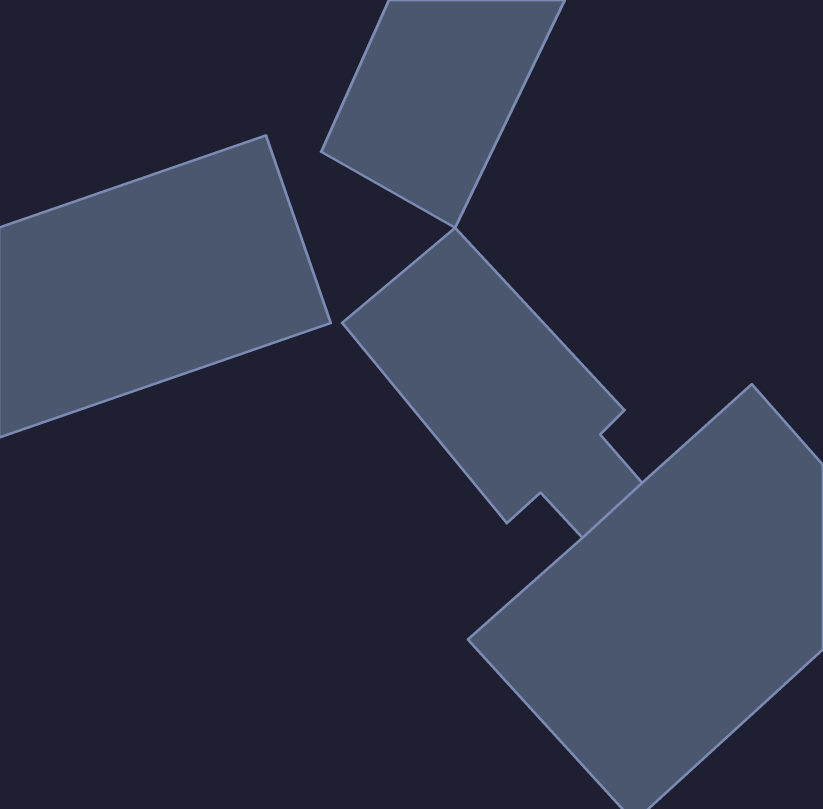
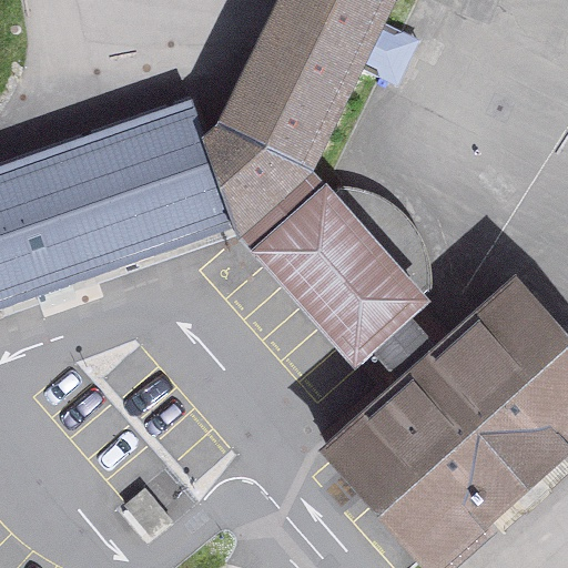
building: none -> [202,115,313,233]

